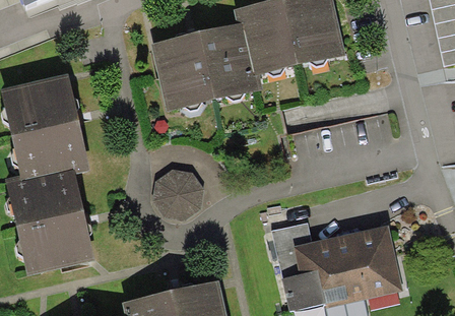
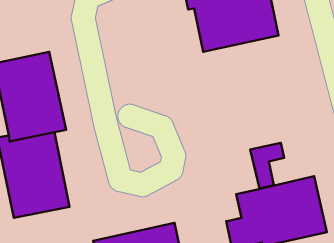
building: [151,22,263,111] -> none
building: [152,169,201,218] -> none
building: [271,223,312,277] -> [250,143,284,188]

